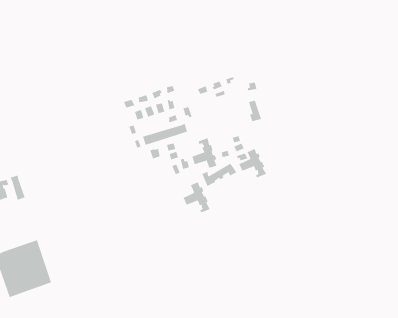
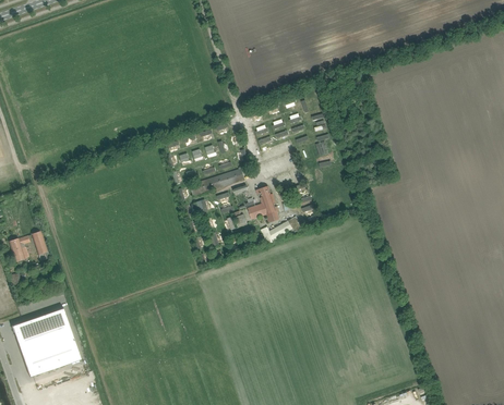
building: [239,148,267,178] -> none
building: [183,182,211,213] -> none

